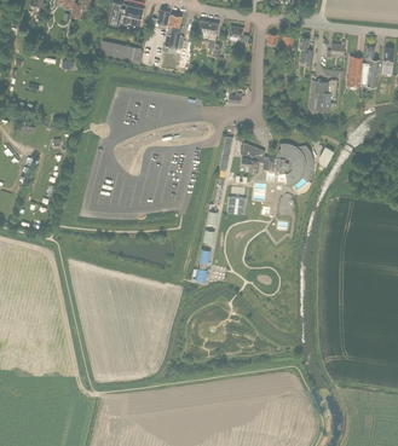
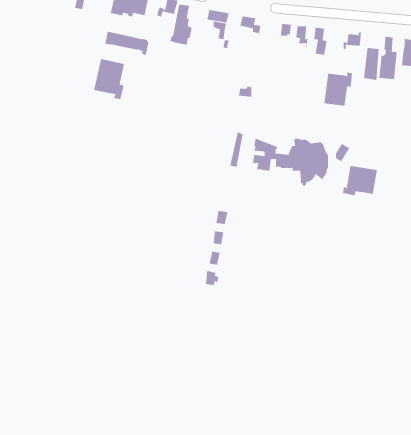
building: none -> [94,58,124,100]
building: none -> [343,165,377,196]

